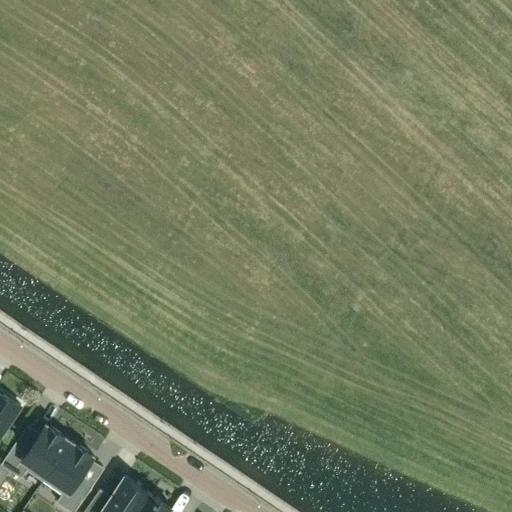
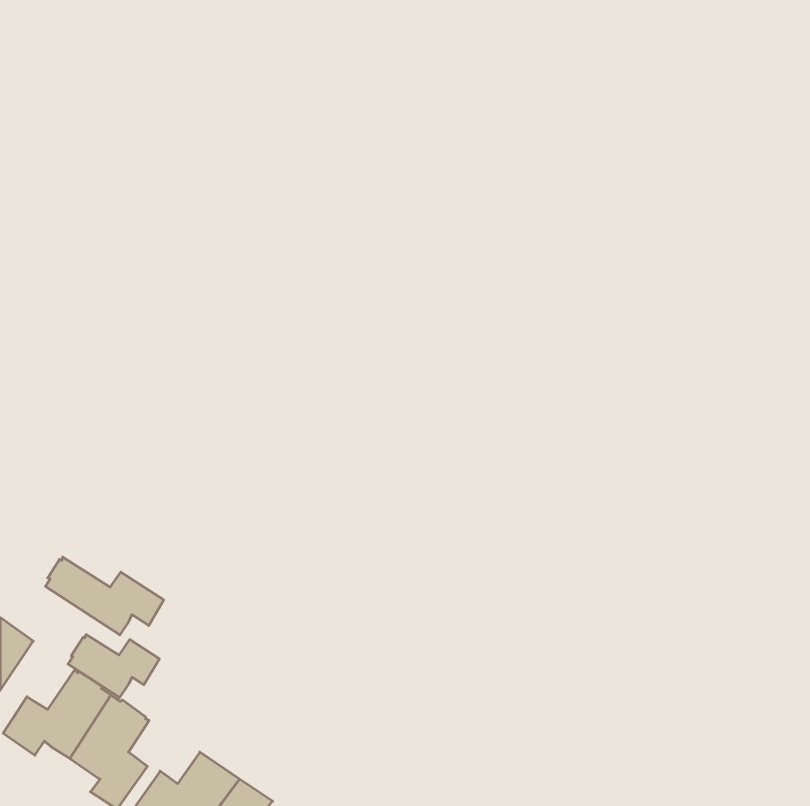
building: none -> [45,557,164,635]
building: none -> [68,635,159,698]

